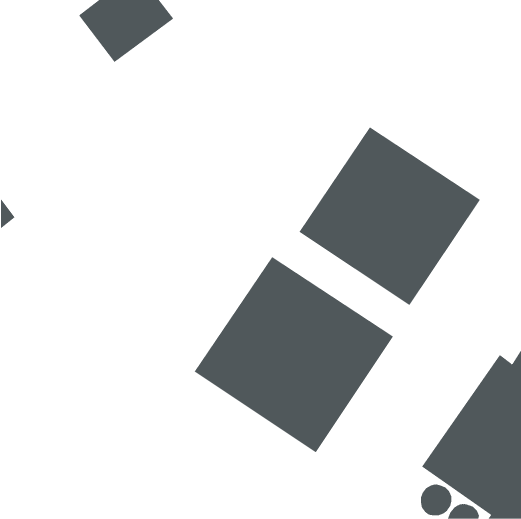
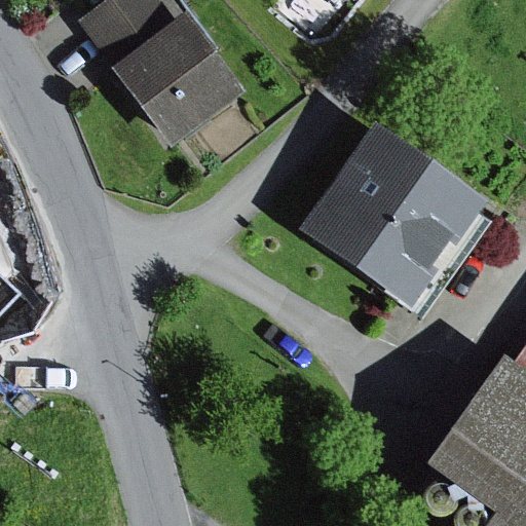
building: none -> [115,13,245,145]
building: [194,256,394,453] -> none

